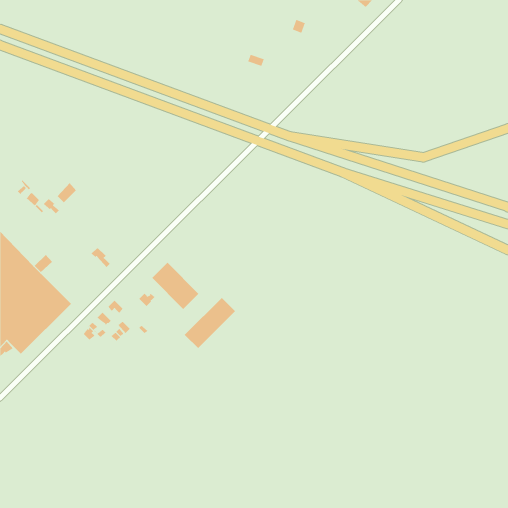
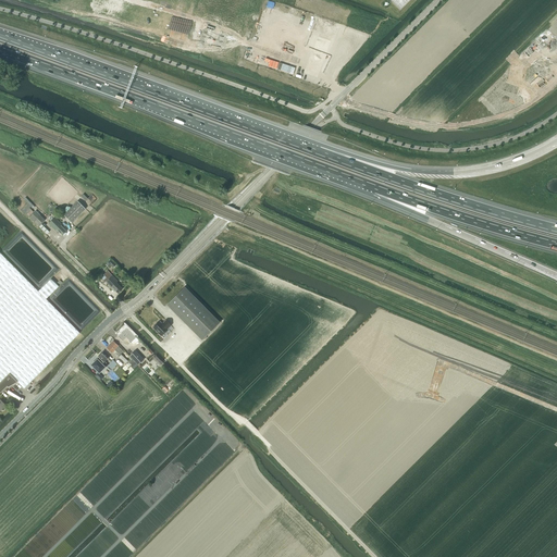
building: [184,297,236,349] -> none

